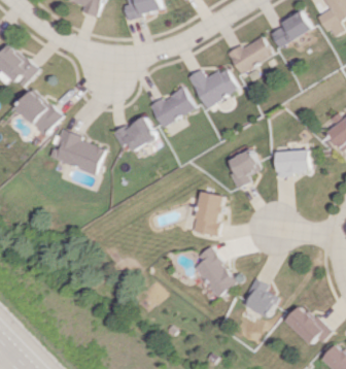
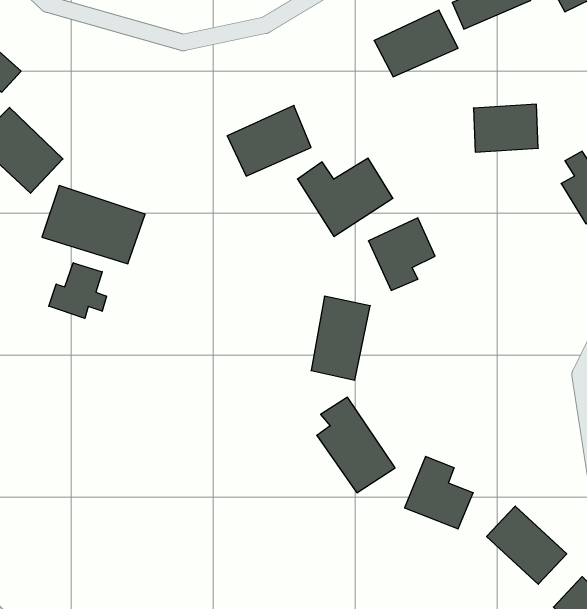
building: [184,66,236,108] -> [297,158,393,236]
building: [109,116,154,152] -> none
building: [274,148,309,174] -> [473,104,538,152]
building: none -> [49,263,106,318]

